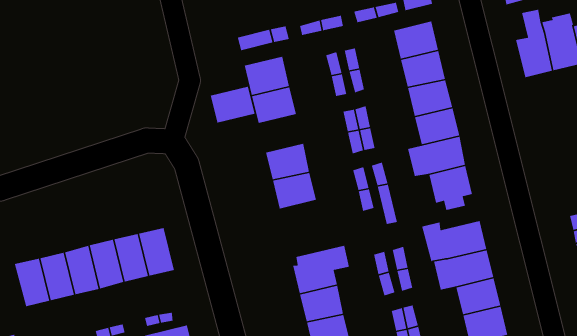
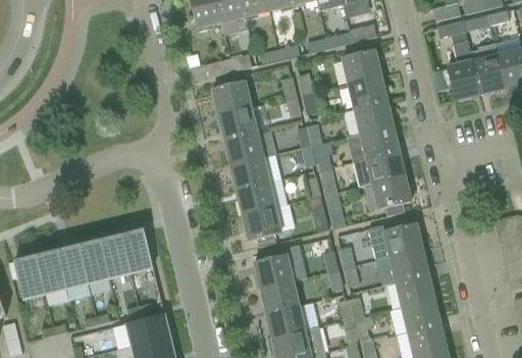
building: [210,86,256,123] -> [224,132,264,164]
building: none -> [243,206,281,247]

